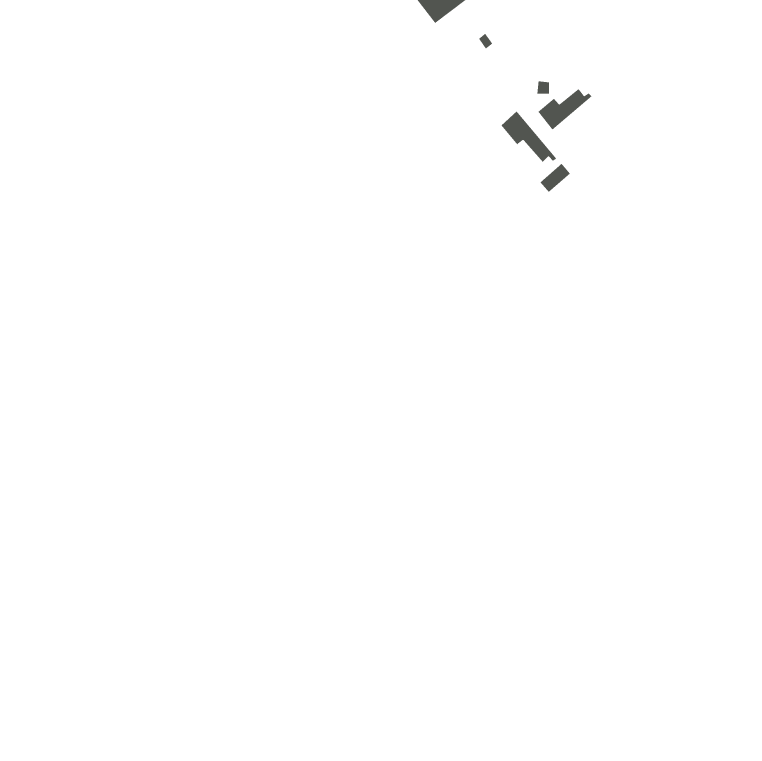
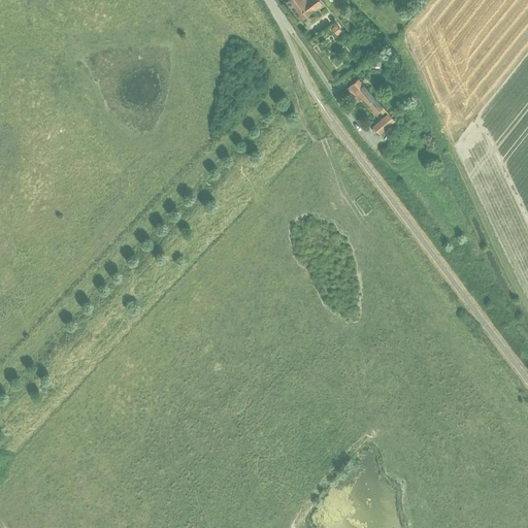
building: [537,88,593,131] -> none

